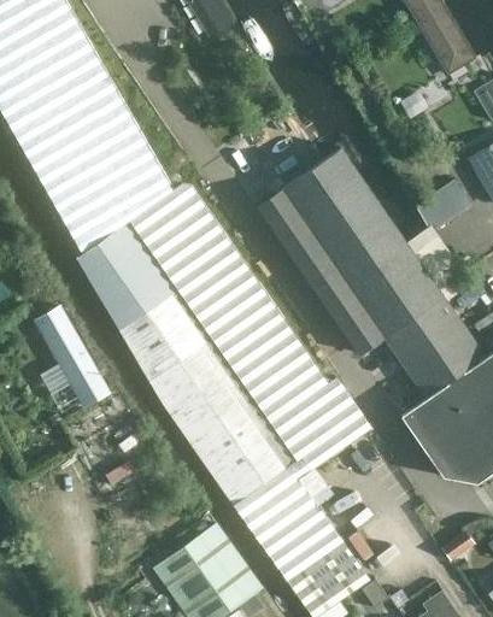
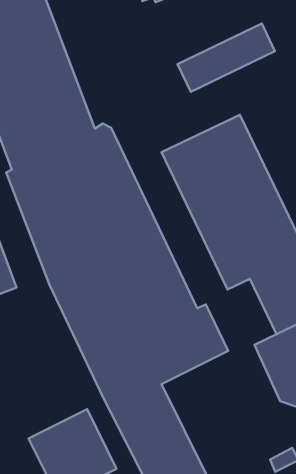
building: none -> [177,23,275,92]

